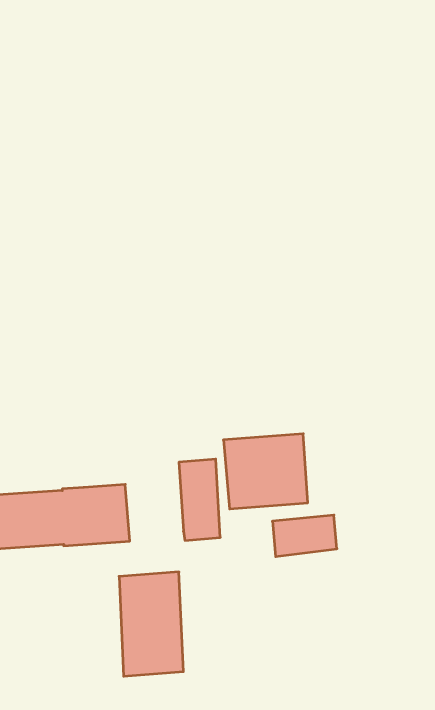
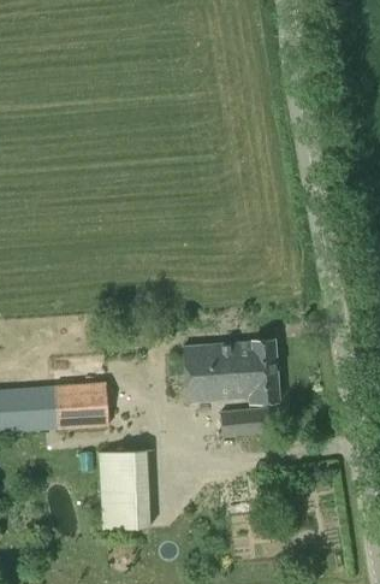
building: [179,459,220,540] -> [244,338,277,402]

